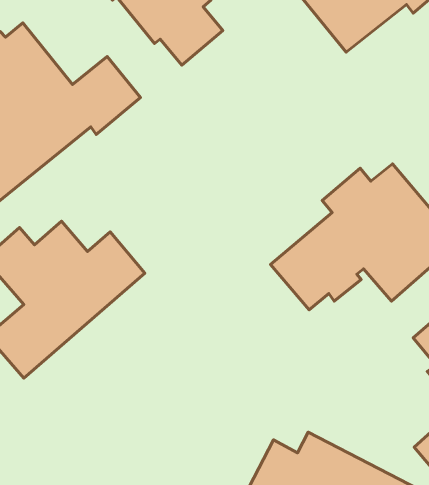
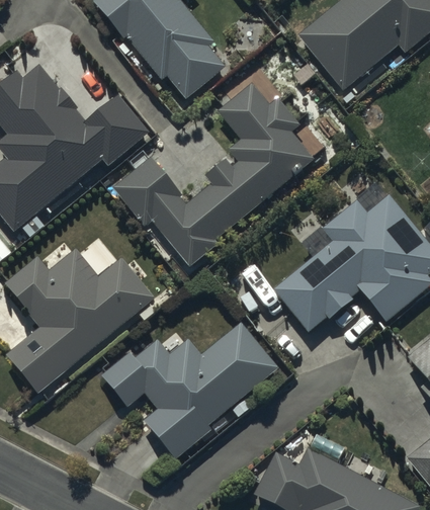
building: none -> [113,81,313,269]
building: none -> [100,323,276,461]

